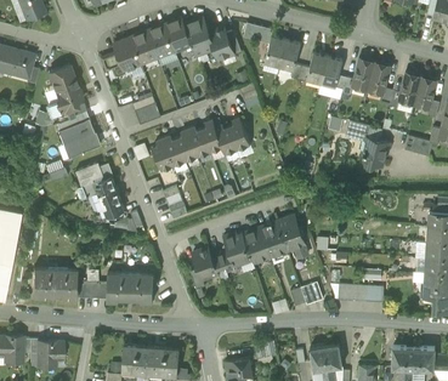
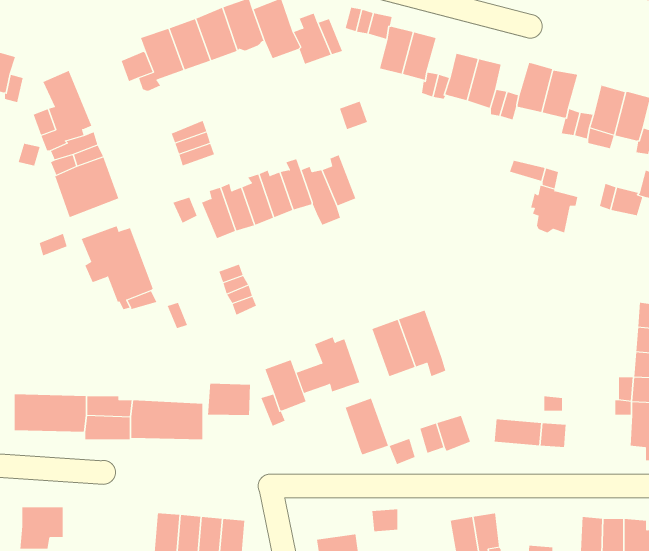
building: [243,227,271,263] -> [345,398,389,455]
building: none -> [207,383,250,416]

